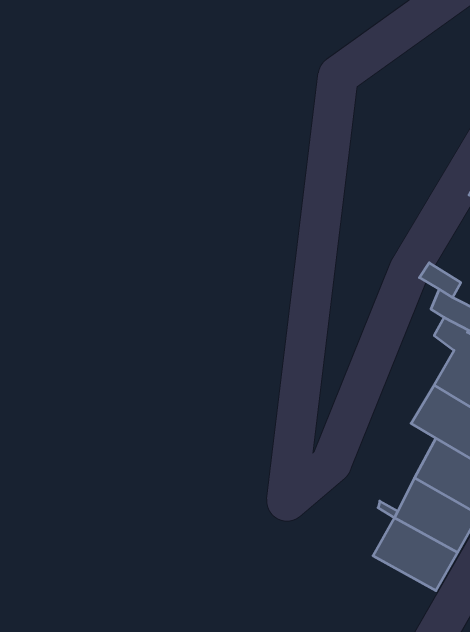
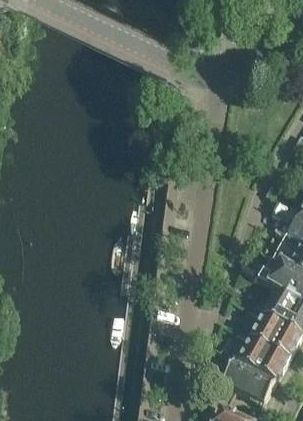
building: none -> [223,356,275,399]

